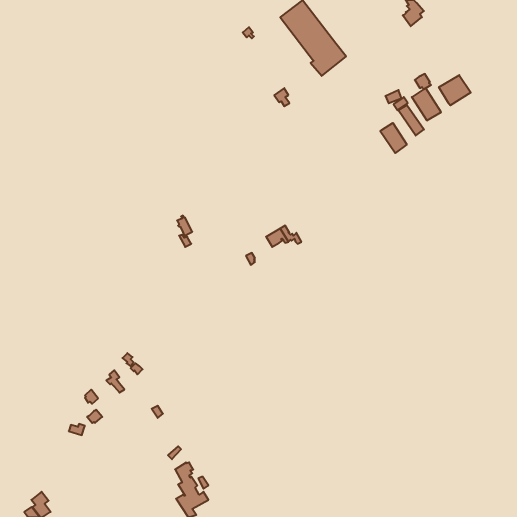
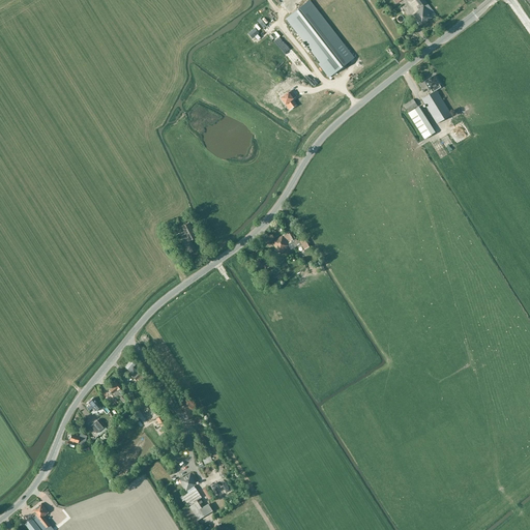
building: [439,75,471,105] -> none
building: [380,123,407,153] -> none

